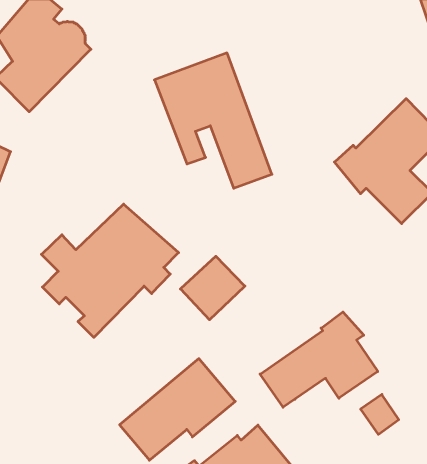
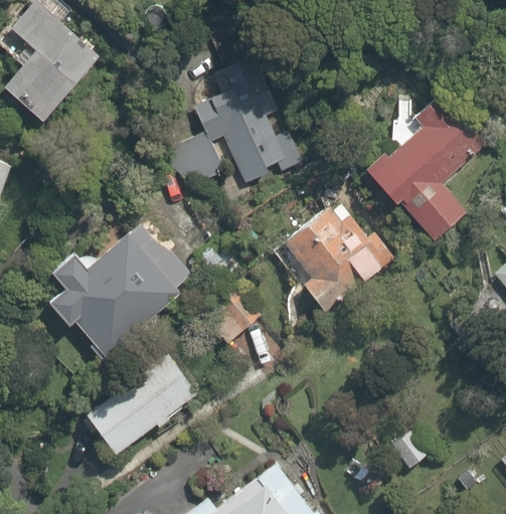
building: none -> [282,205,398,313]
building: [260,312,378,407] -> none
building: [120,359,235,460] -> [78,345,203,455]

